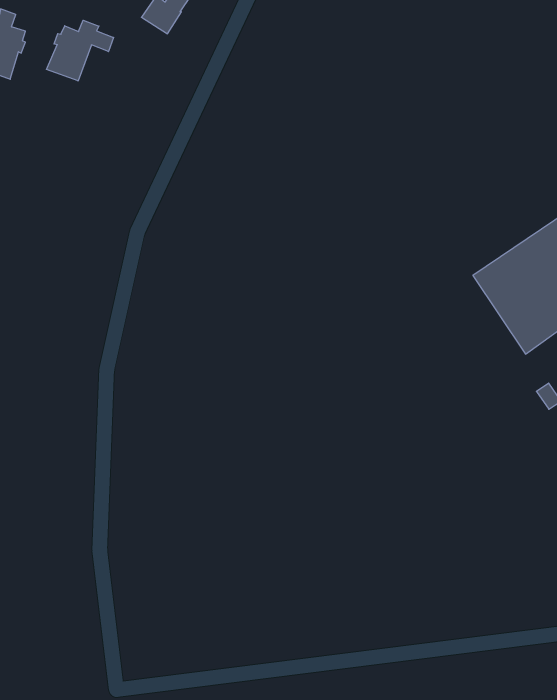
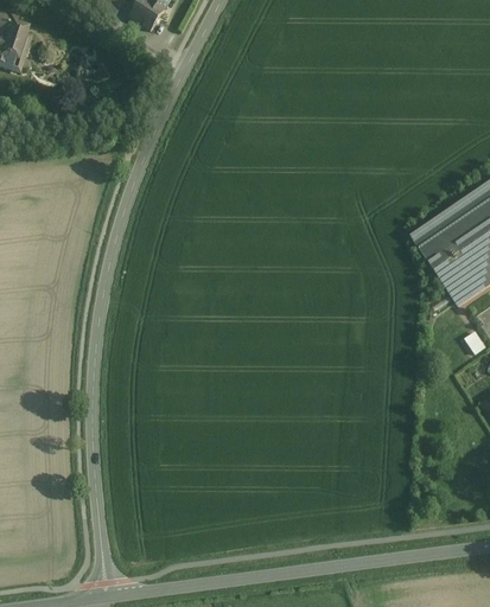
building: [46,20,114,81] -> none

